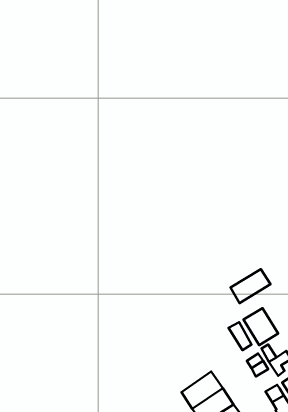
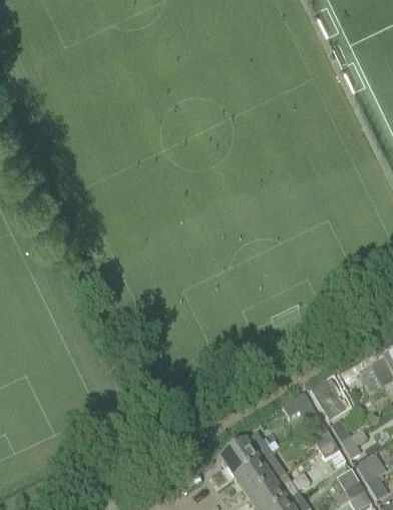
building: [230,269,270,303] -> none
building: none -> [222,433,272,478]

